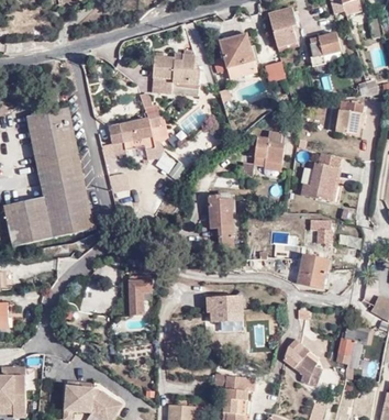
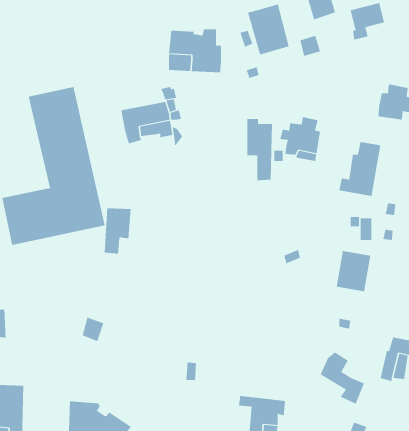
building: [208,195,231,250] -> [246,118,273,181]
building: [130,276,154,317] -> [104,208,132,254]
building: [208,294,243,319] -> none

